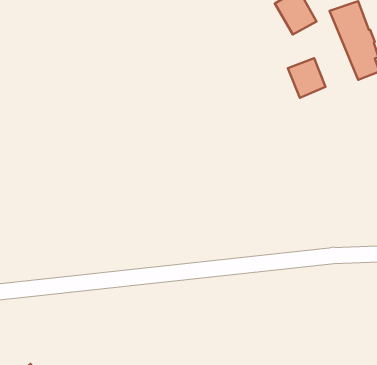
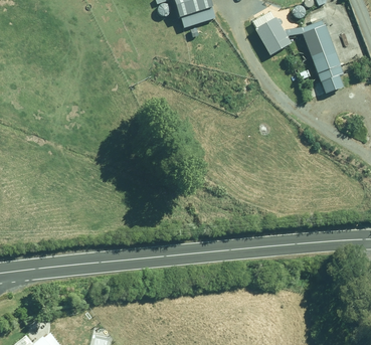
building: [288,58,326,98] -> none

